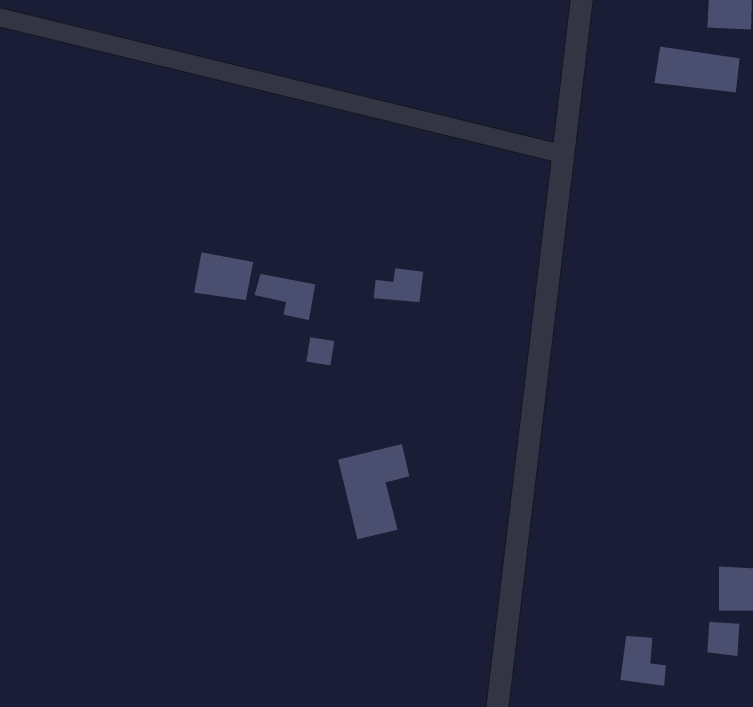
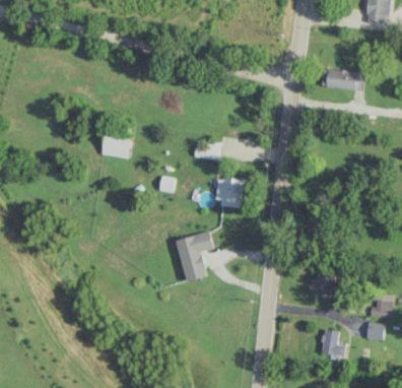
building: [654,46,740,93] -> [320,67,364,91]
building: [254,273,316,321] -> none
building: none -> [216,178,245,208]
building: none -> [312,275,336,297]

